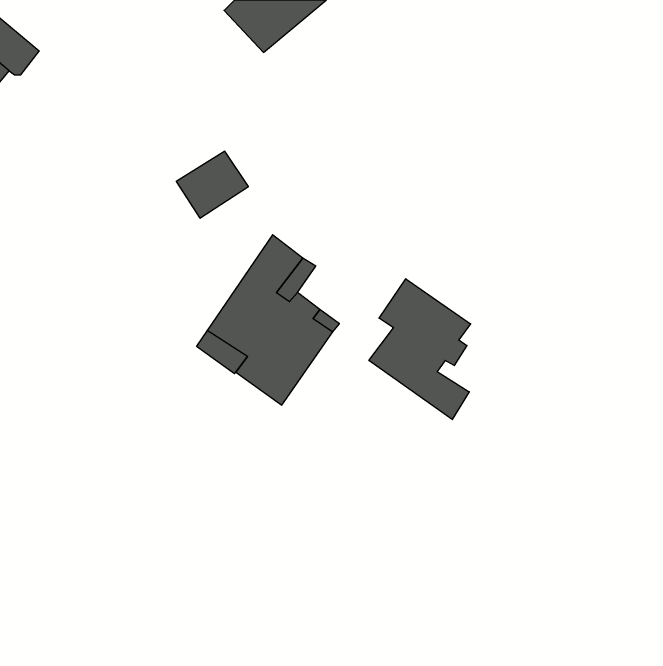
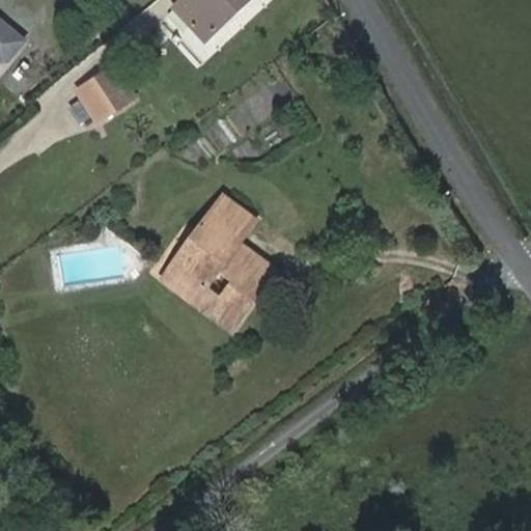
building: [176,151,248,218] -> [82,71,139,123]
building: [369,279,471,420] -> none

